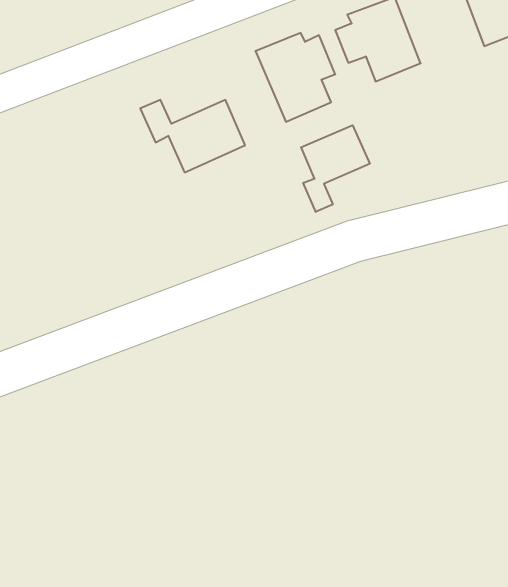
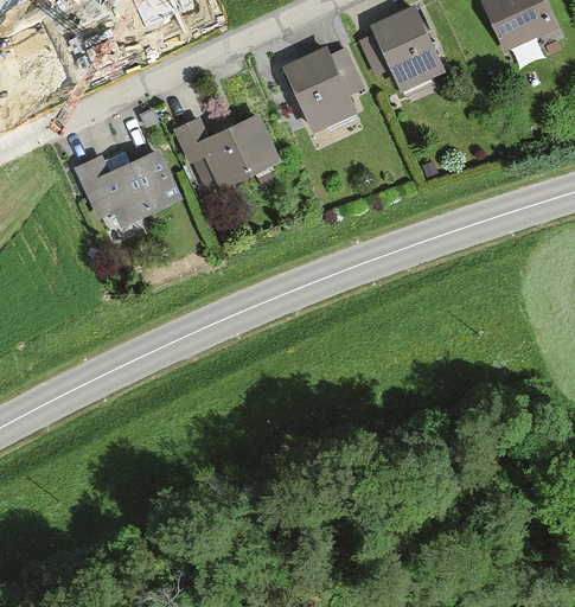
building: [301,125,370,212] -> none
building: none -> [68,149,184,228]

